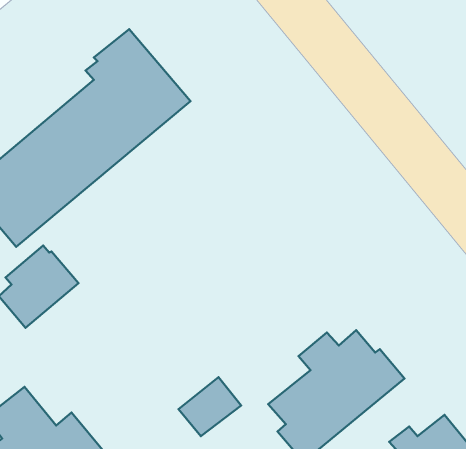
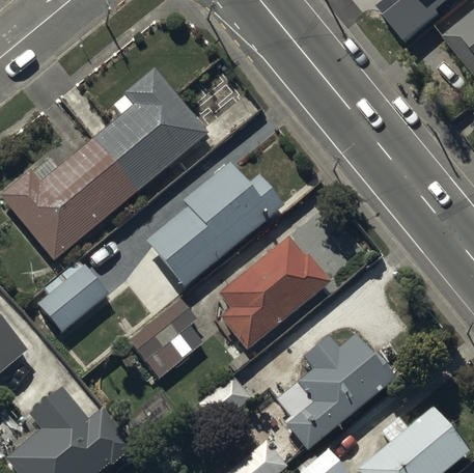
building: none -> [145,162,283,286]
building: none -> [218,228,336,351]
building: none -> [129,298,204,379]

